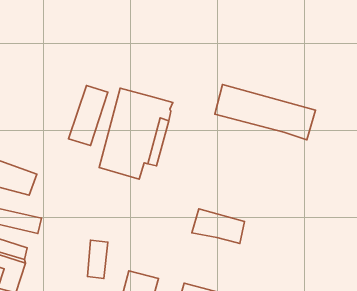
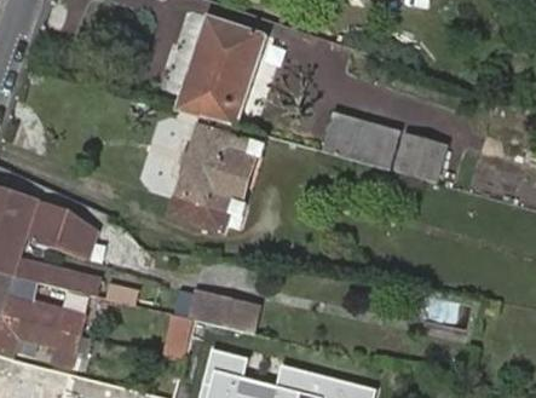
building: none -> [175,15,266,127]
building: [192,209,245,243] -> [190,290,257,334]

